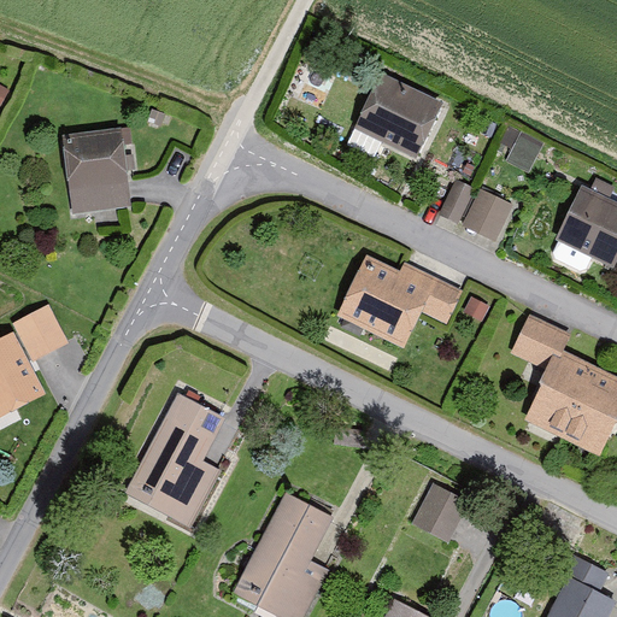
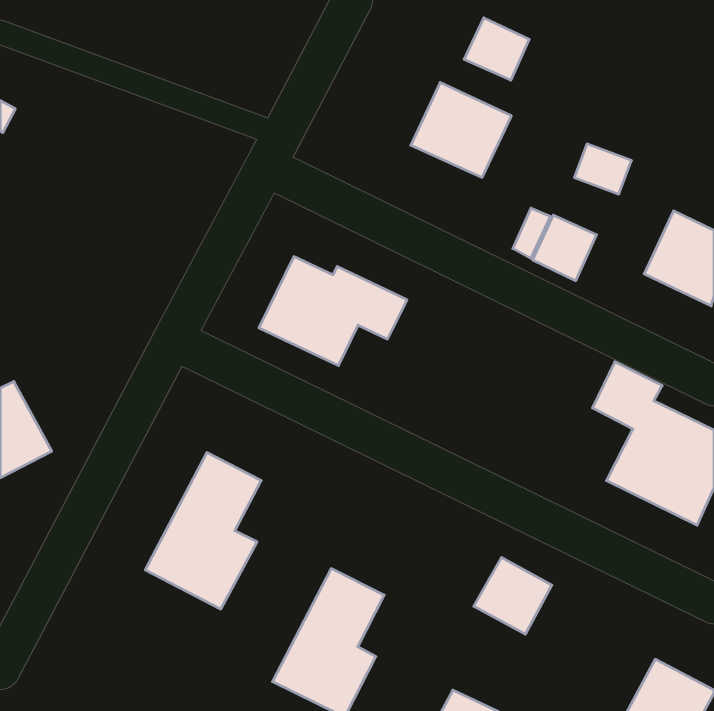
building: none -> [464,18,529,80]
building: [64,129,130,216] -> none
building: [335,253,463,347] -> [259,257,407,366]
building: [16,312,70,368] -> none

